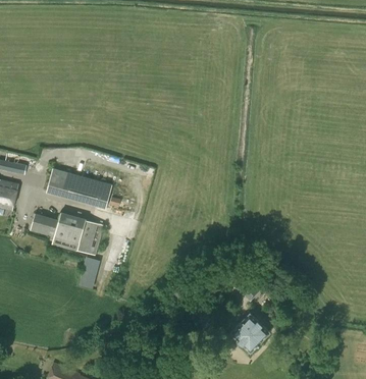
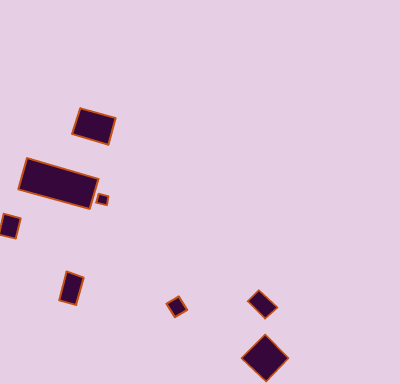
building: none -> [72,108,116,145]
building: [54,219,97,247] -> none

